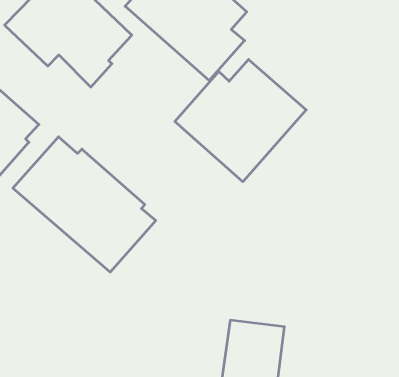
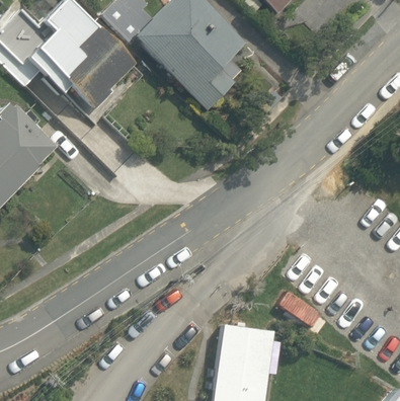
building: [175,59,306,182] -> none
building: [13,137,156,272] -> none

